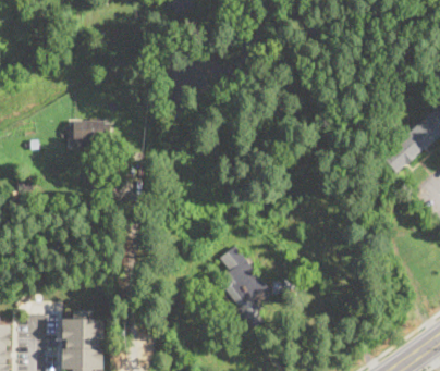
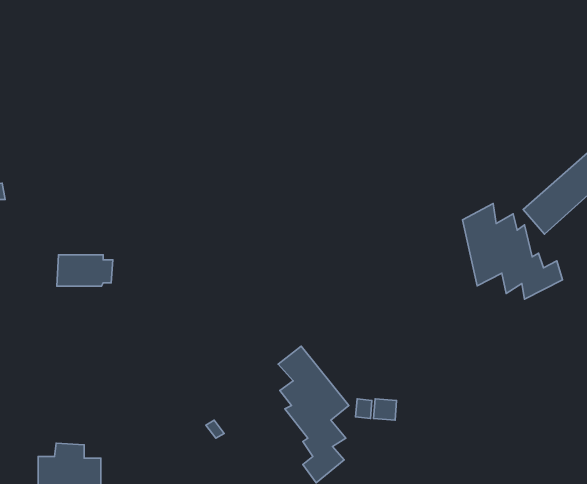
building: [75,122,112,143] -> [57,255,113,286]
building: none -> [462,204,562,299]

